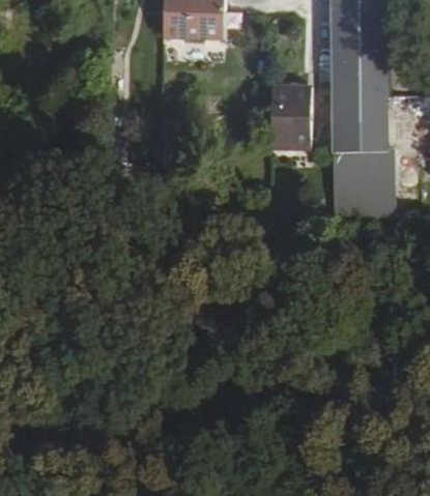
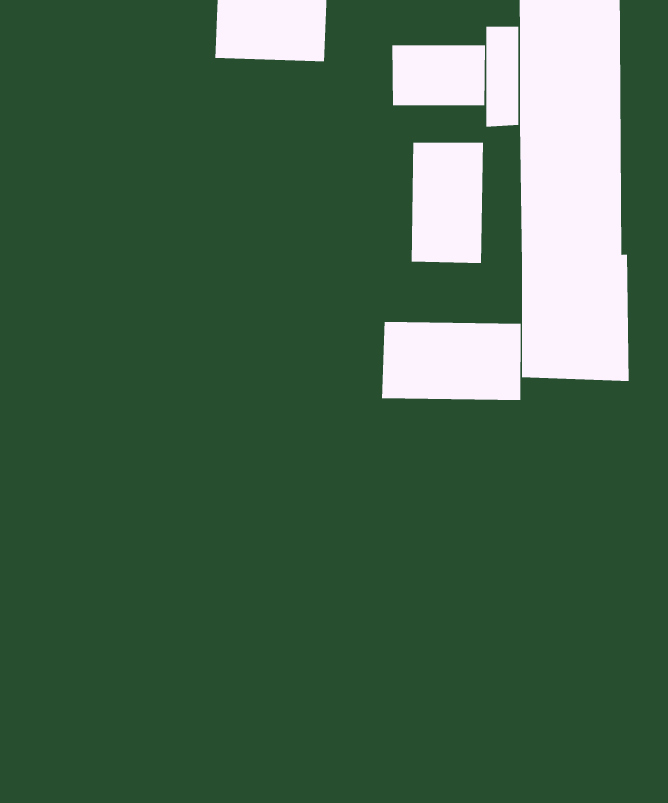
building: none -> [392,45,486,106]
building: none -> [382,321,521,401]

